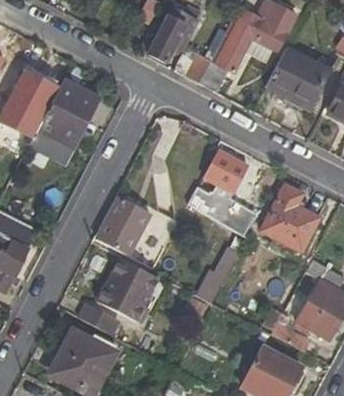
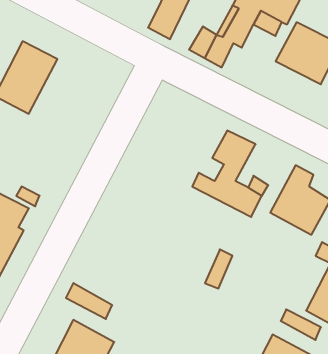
building: [31,79,99,162] -> none
building: [97,196,151,255] -> none
building: [100,263,158,320] -> none

